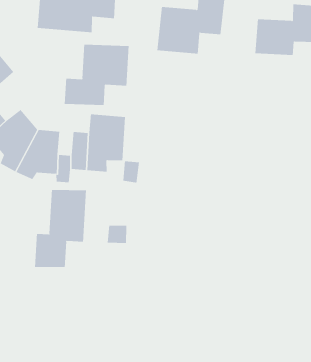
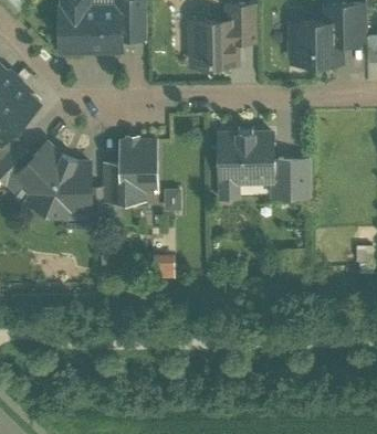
building: [64,44,129,106] -> none
building: none -> [220,135,308,203]
building: [35,189,86,268] -> none

